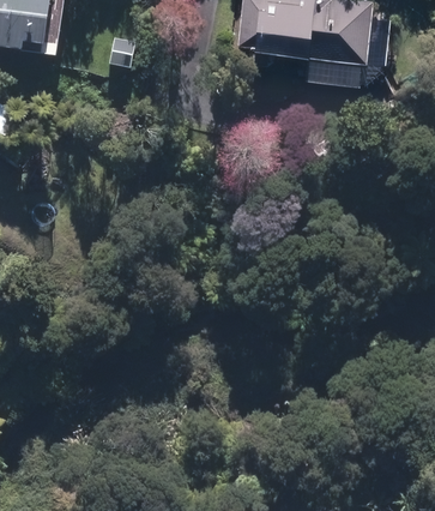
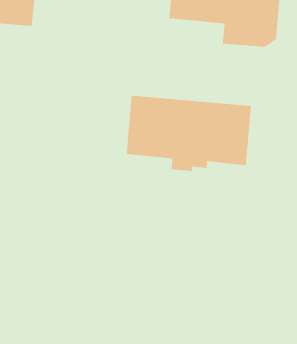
building: none -> [126,95,252,172]

